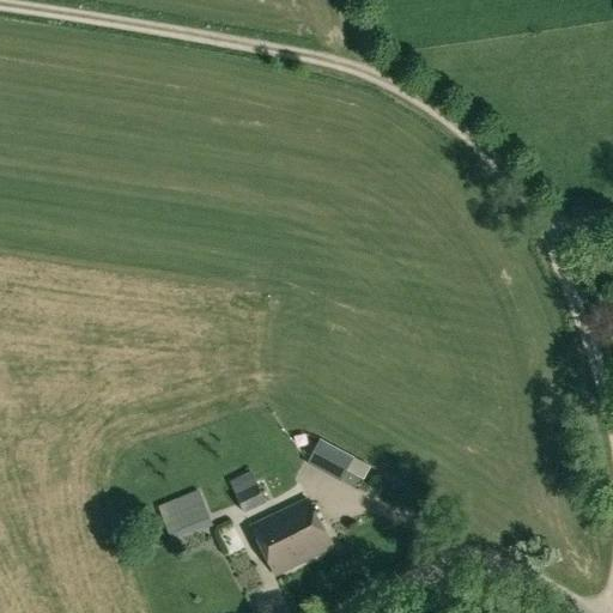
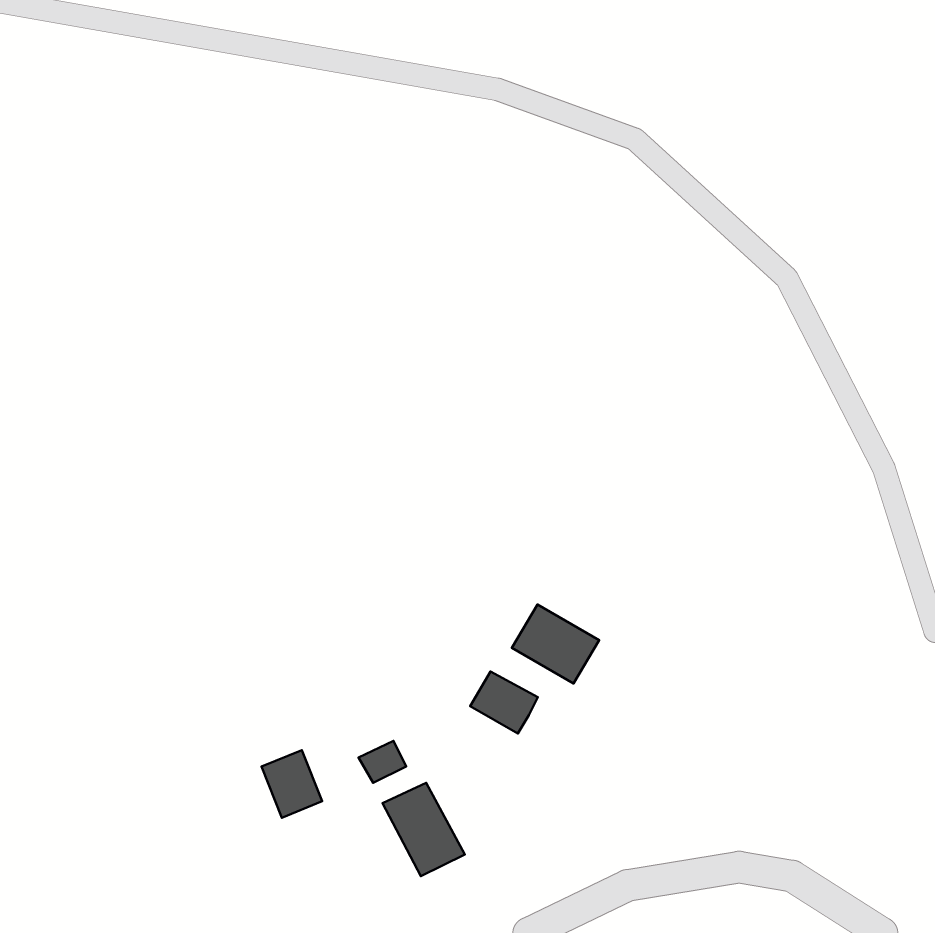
building: none -> [512,605,599,684]
building: [279,499,334,559] -> none

